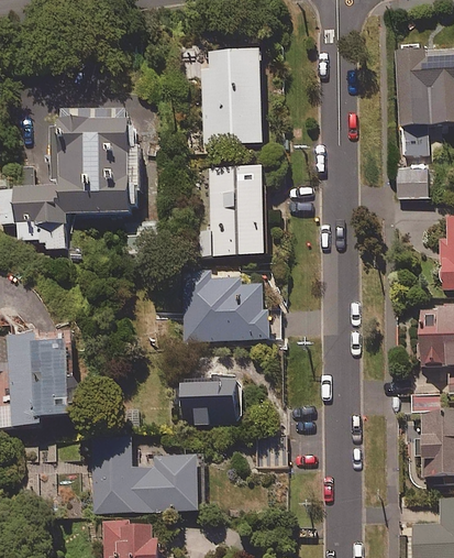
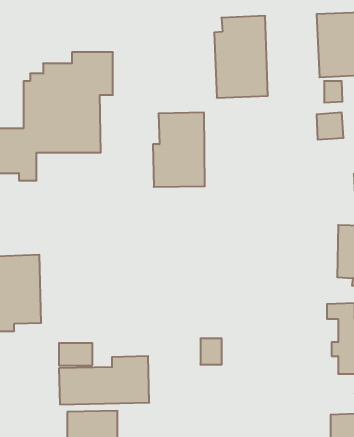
building: [198,50,262,146] -> [214,16,268,98]
building: [178,271,268,341] -> none
building: [178,376,239,425] -> none

